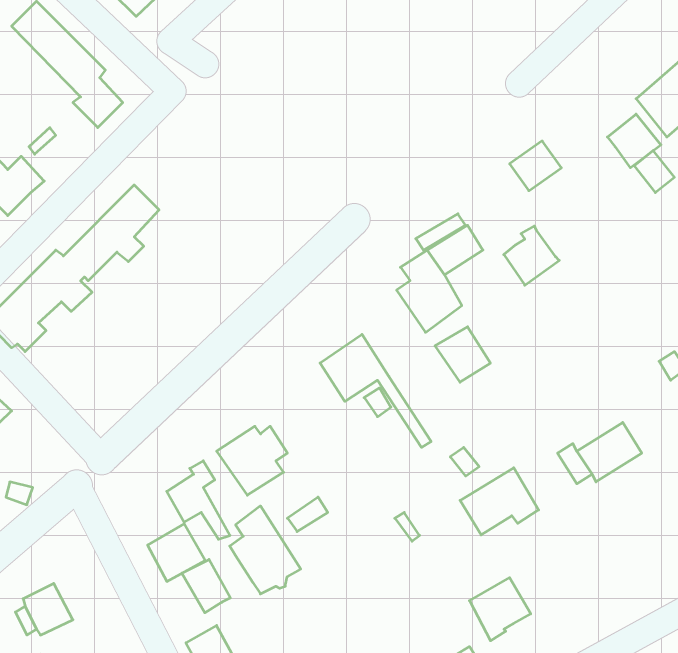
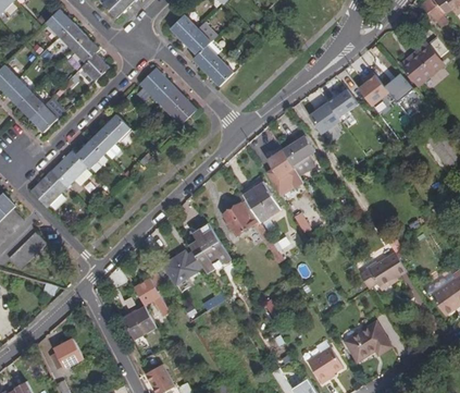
building: none -> [170,15,233,87]
building: none -> [139,67,197,126]
building: none -> [359,73,388,106]
building: [504,226,559,285] -> [310,100,341,134]
building: none -> [243,182,279,223]
building: [460,468,539,535] -> [343,319,387,357]
building: [230,506,301,594] -> [189,223,229,273]
building: [182,559,230,613] -> none

